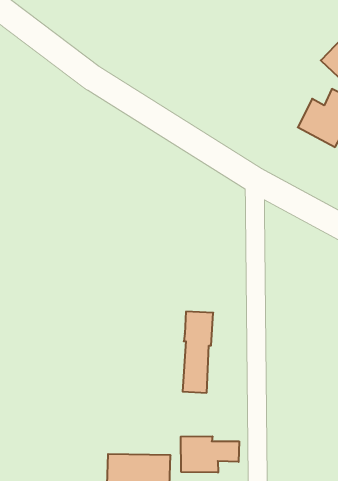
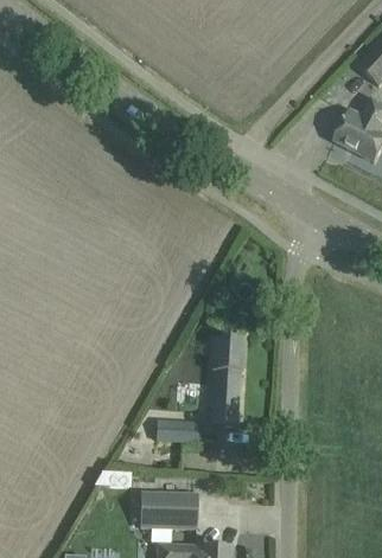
building: none -> [155,421,197,442]
building: [181,436,239,473] -> none

